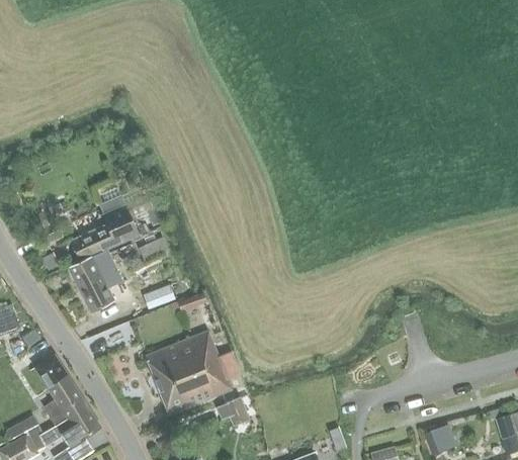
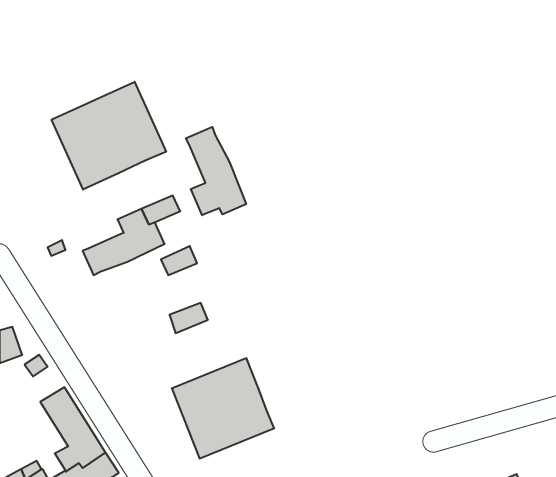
building: none -> [52,82,166,190]
building: none -> [186,127,246,215]
building: [68,250,123,312] -> none
building: [217,397,249,425] -> none

